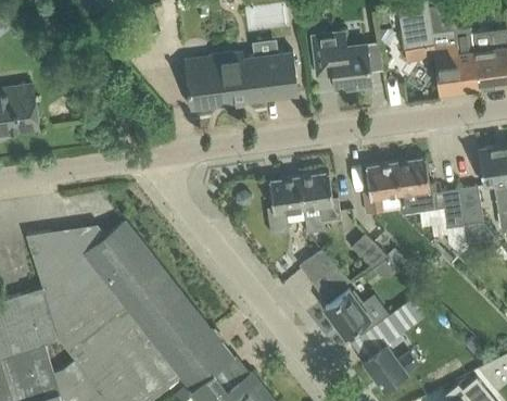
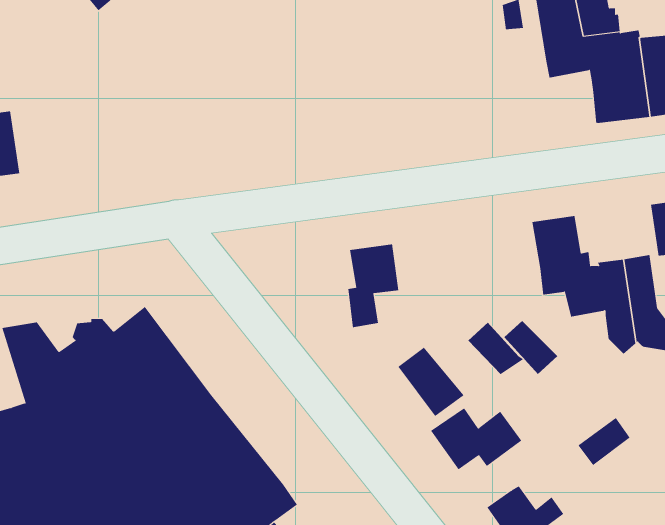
building: [312,33,383,90] -> none
building: [181,51,299,111] -> none
building: [364,163,401,215] -> none
building: [299,174,341,222] -> none
building: [371,310,408,343] -> [577,417,630,466]

